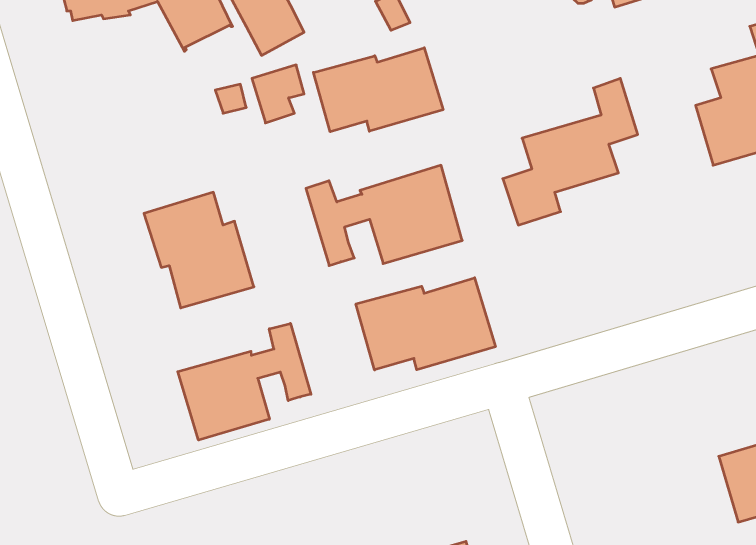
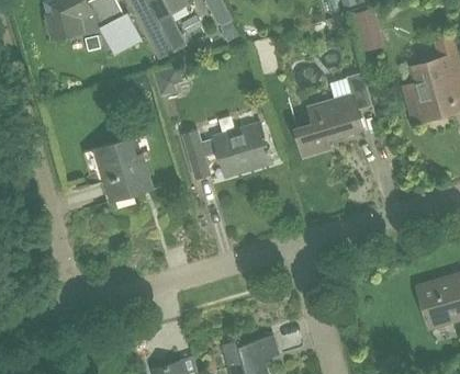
building: [313,48,443,132] -> none
building: [356,278,495,370] -> none
building: [178,323,311,440] -> none

